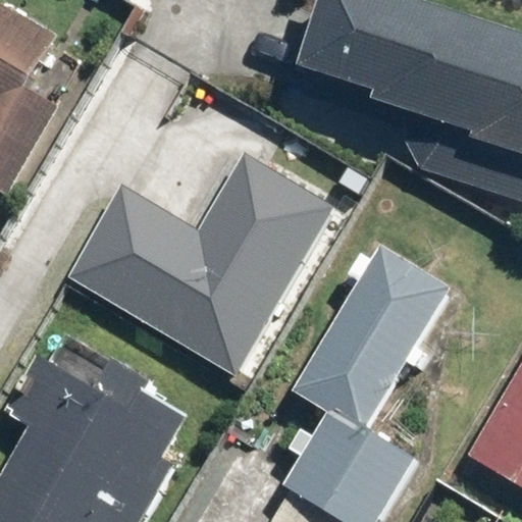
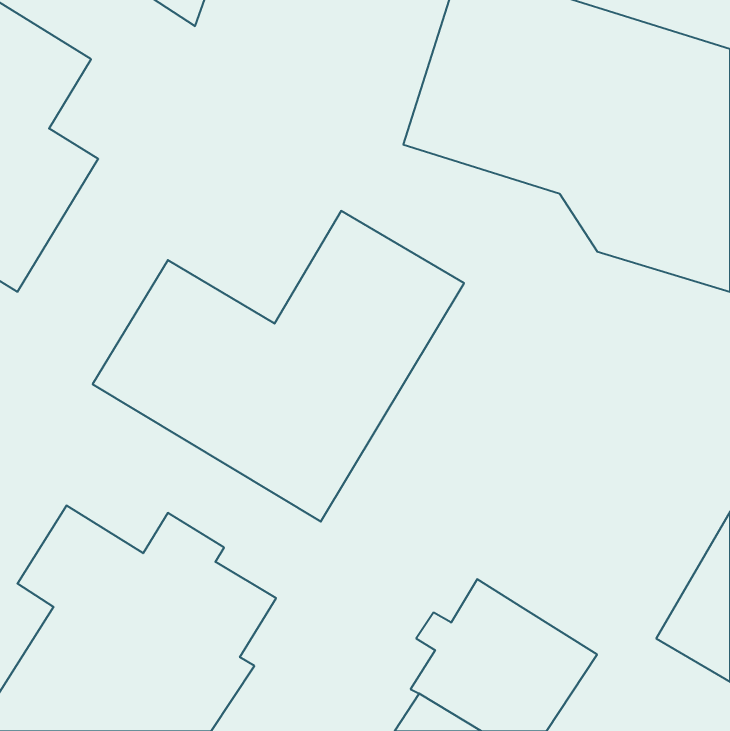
building: [299,245,458,429] -> none

